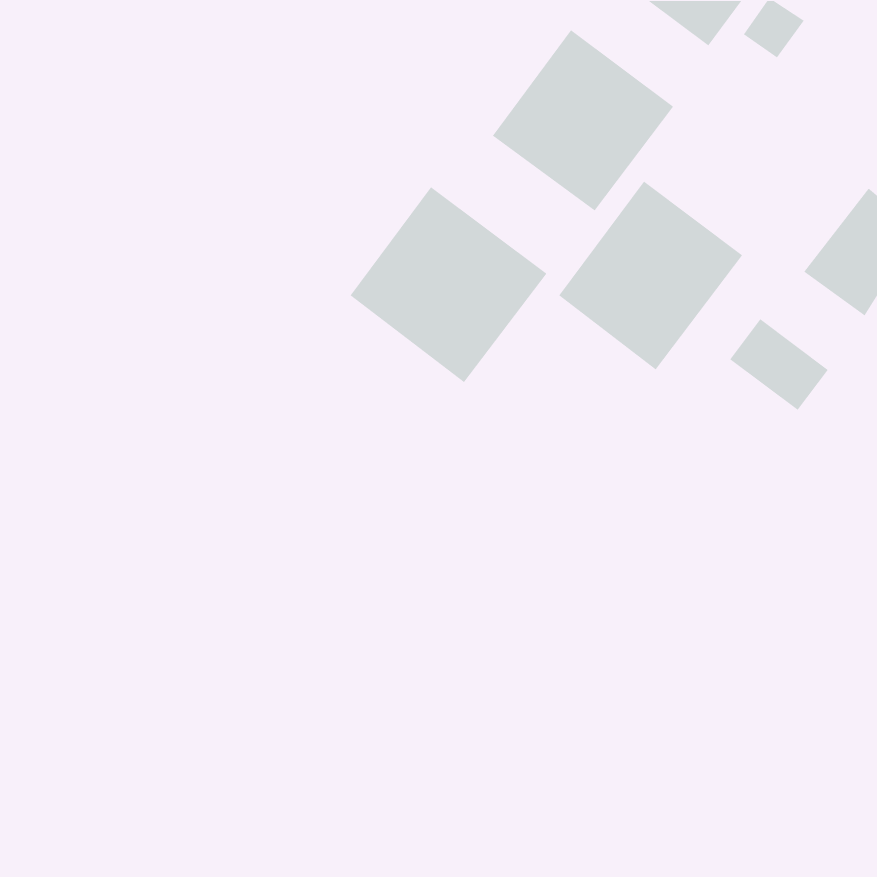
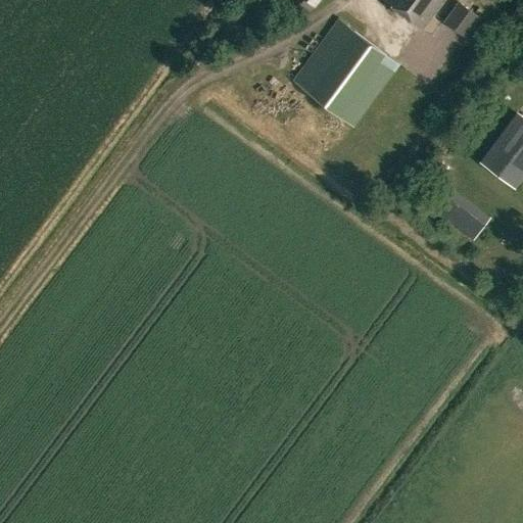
building: [558,181,743,371] -> none
building: [349,186,547,383] -> none

